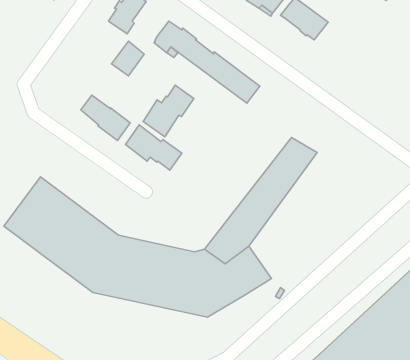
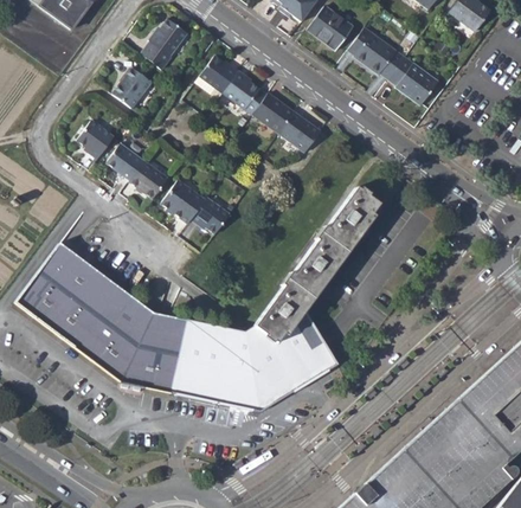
building: none -> [387,56,437,104]
building: [112,41,144,76] -> [111,65,150,107]
building: none -> [76,118,112,156]
building: [143,85,194,137] -> none

